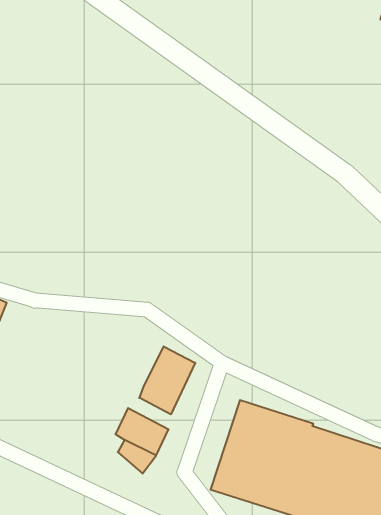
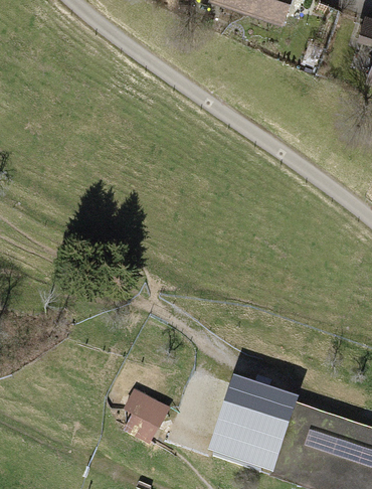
building: [139,346,195,414] -> none

